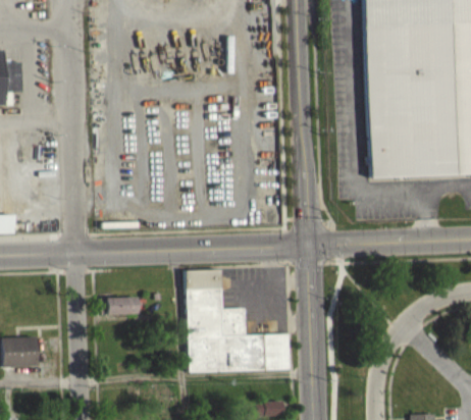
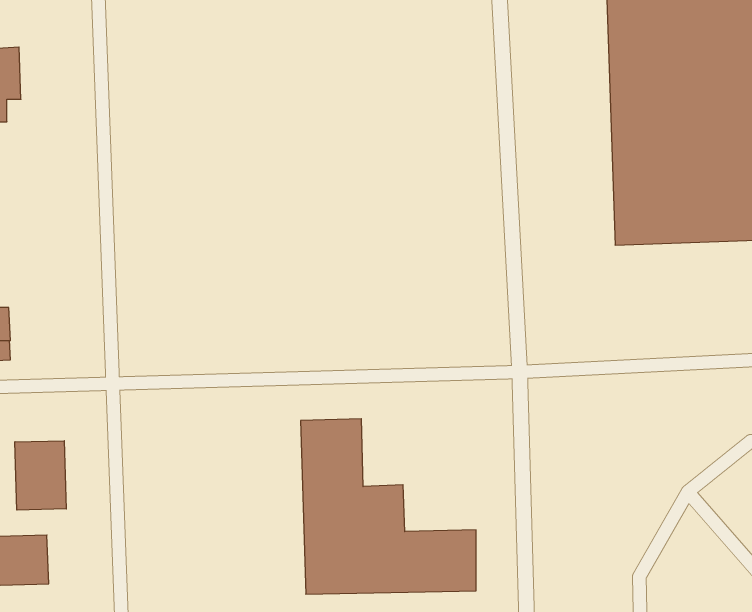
building: none -> [15,441,66,510]
building: [103,300,139,318] -> none

